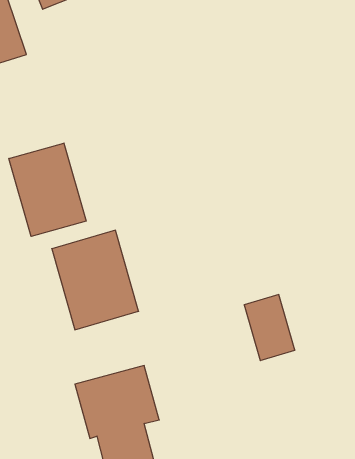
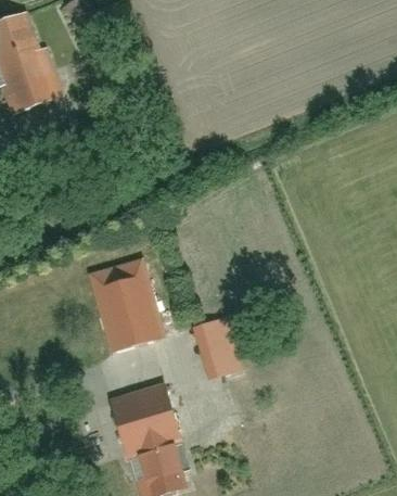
building: [9,143,86,236] -> none
building: [244,295,295,361] -> [194,317,242,379]

